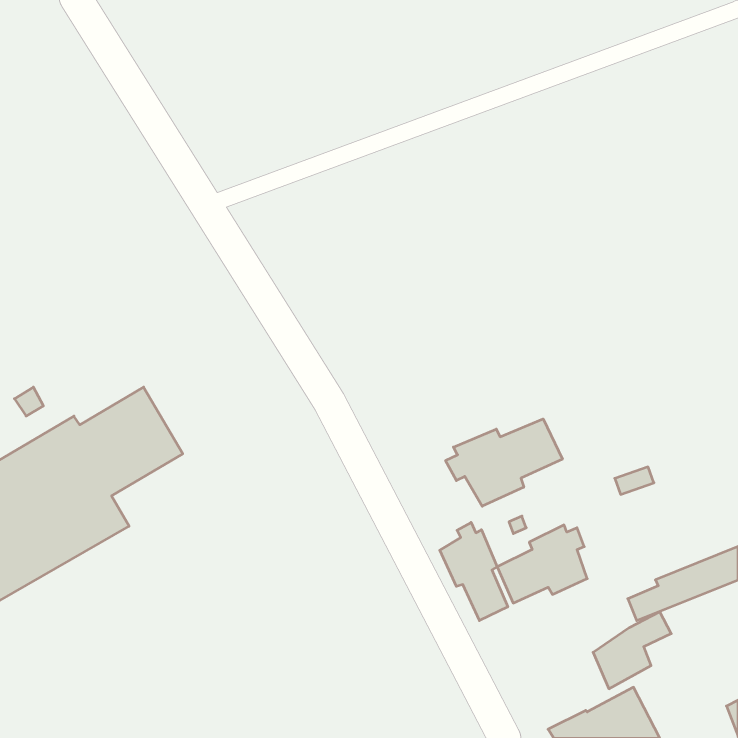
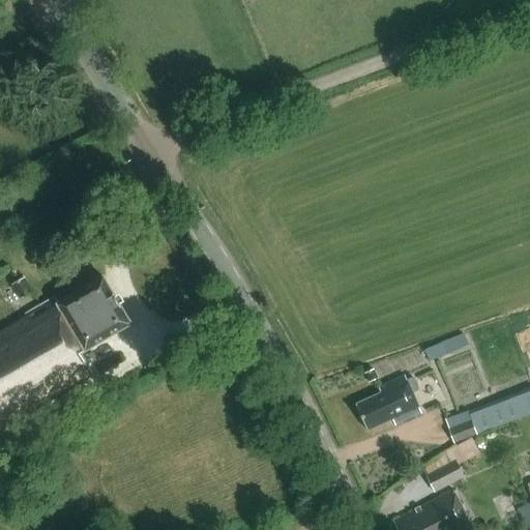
building: [446,419,562,506] -> none
building: [440,522,508,621] -> none

